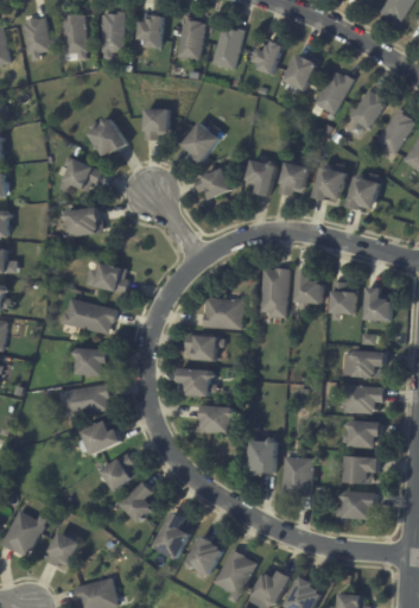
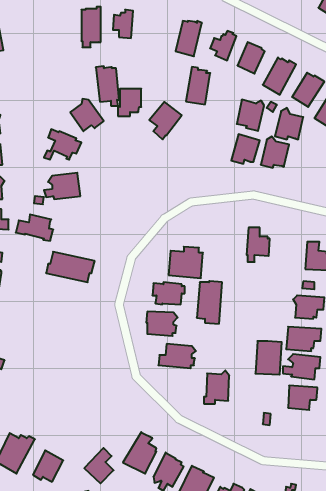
building: [62,12,89,58] -> [96,66,119,106]
building: [177,15,205,59] -> [186,67,210,104]
building: [24,17,51,61] -> none
building: [243,158,275,195] -> [237,100,264,131]
building: [195,167,235,200] -> none
building: [347,172,380,209] -> [275,108,303,139]
building: [84,261,128,292] -> [16,214,53,241]
building: [260,267,290,317] -> [197,281,222,324]
building: [330,281,358,319] -> none
building: [75,347,114,375] -> none
building: [58,382,110,417] -> none
building: [74,419,122,455] -> none
building: [101,452,133,490] -> none
building: [281,457,312,496] -> [255,341,282,375]
building: [122,481,157,522] -> [84,448,114,483]
building: [331,490,376,519] -> none

